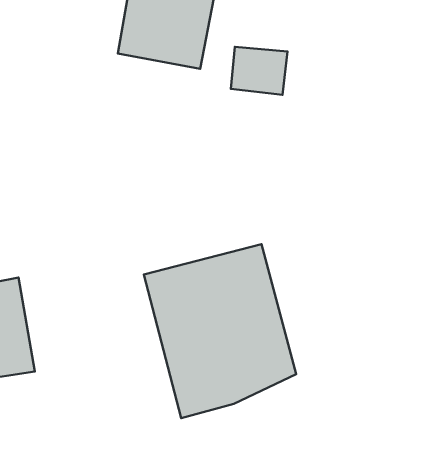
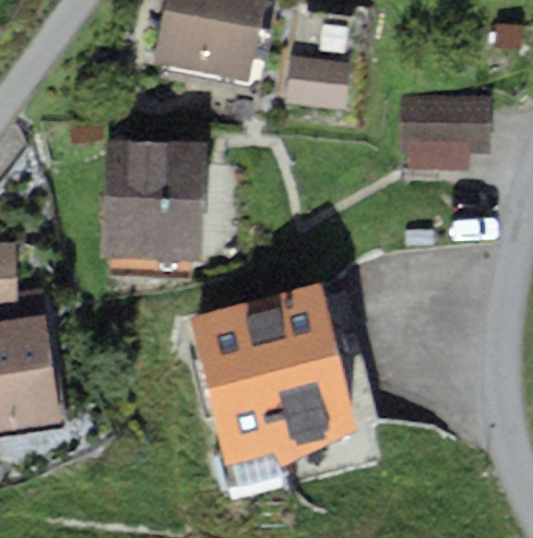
building: none -> [402,96,490,170]
building: none -> [99,141,205,260]

